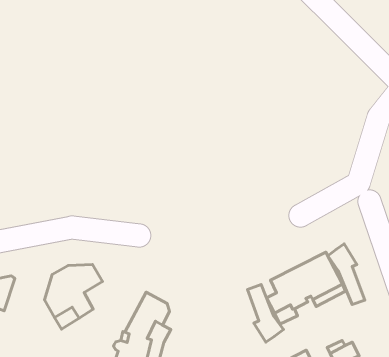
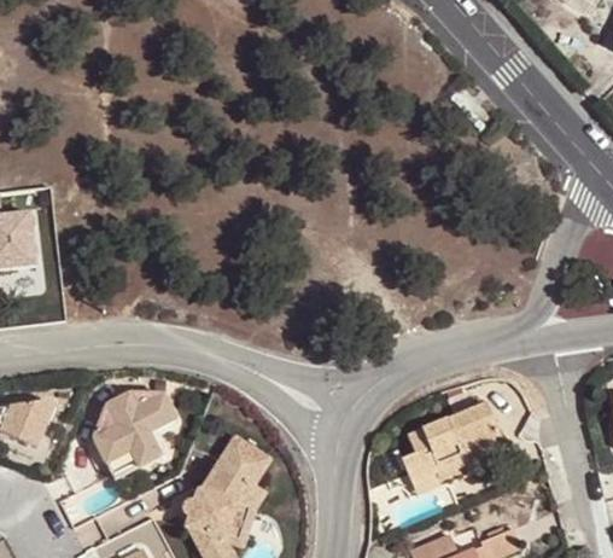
building: [328,244,365,304] -> none
building: [247,284,284,342] -> none

